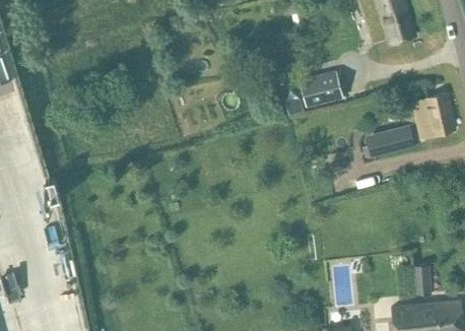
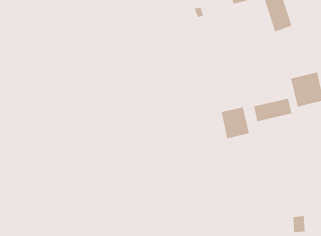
building: [303,76,341,106] -> none
building: none -> [221,107,250,139]

